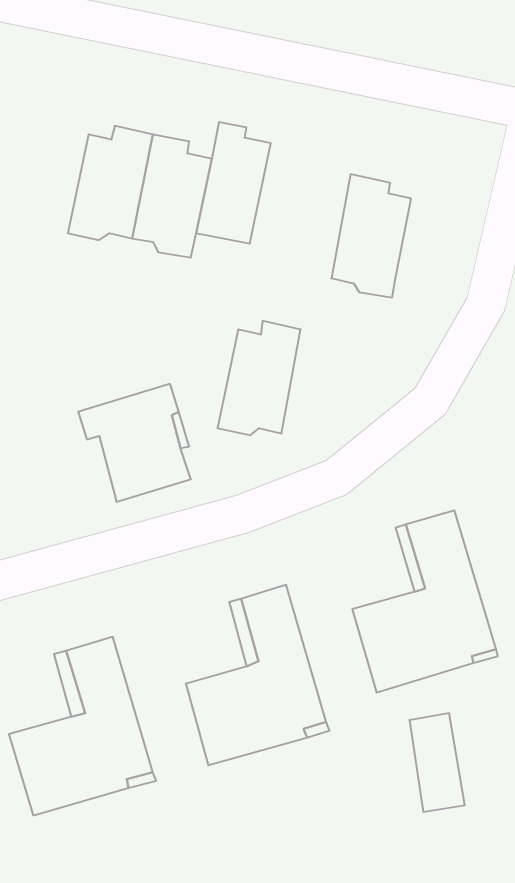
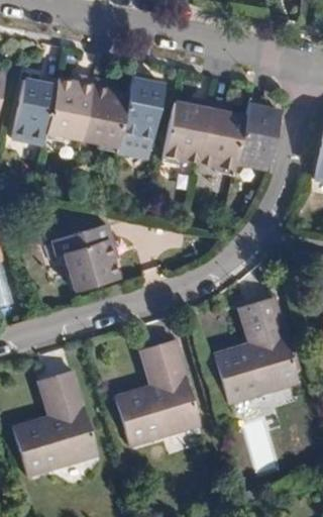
building: none -> [13,75,59,143]
building: none -> [237,97,281,169]
building: [217,321,301,435] -> [163,97,211,164]

